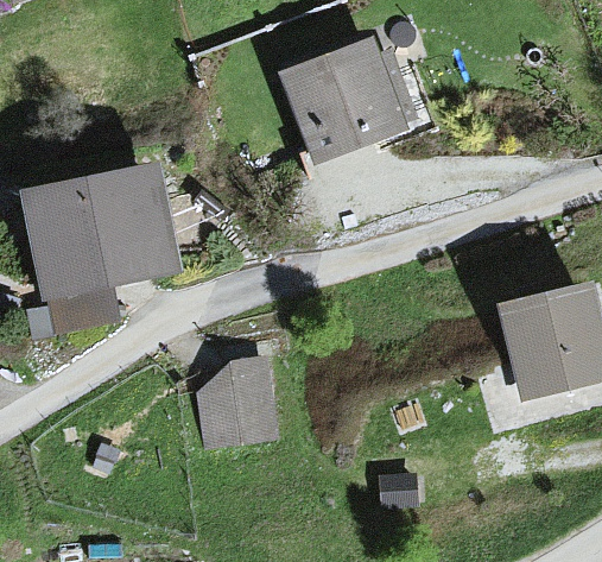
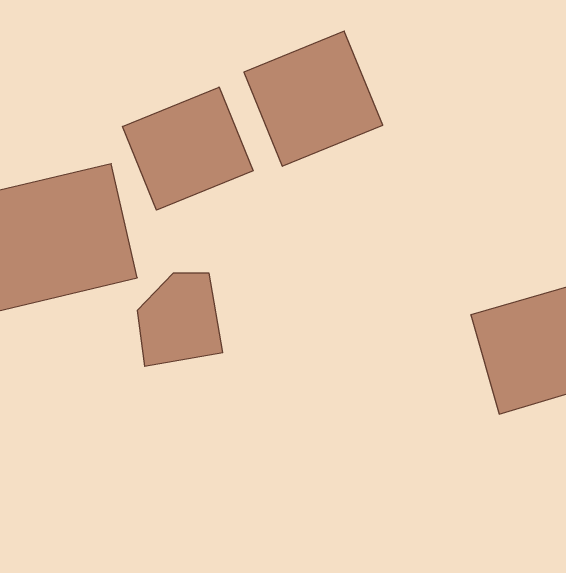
building: none -> [123,87,253,210]
building: [202,358,284,447] -> [137,273,223,366]

